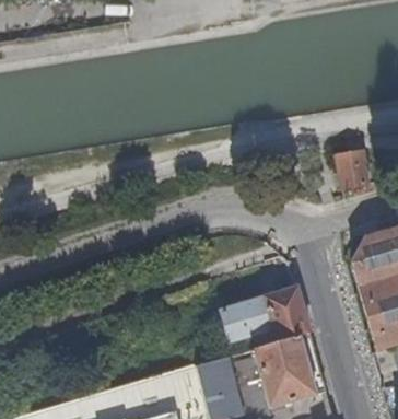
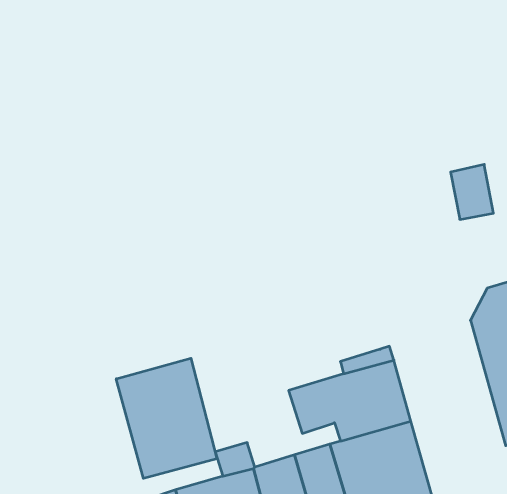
building: none -> [116,358,217,478]

